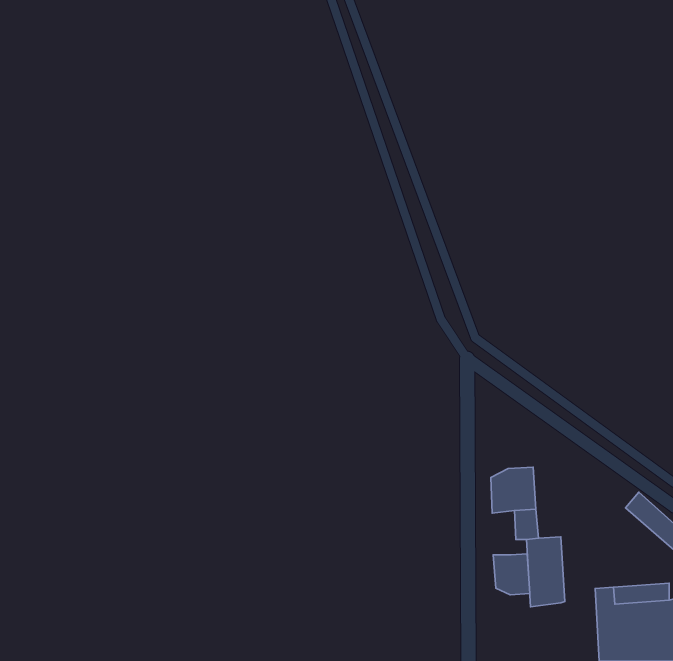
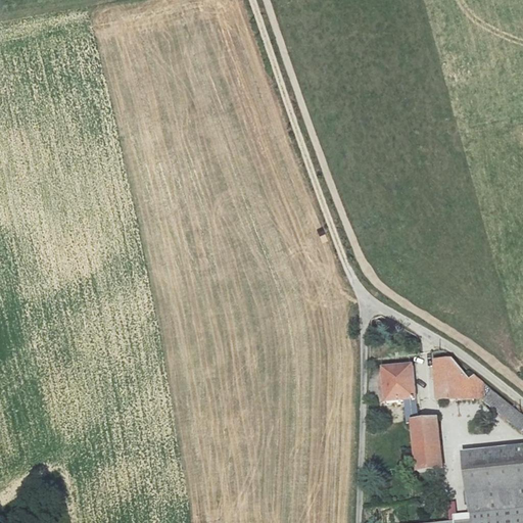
building: none -> [432,359,475,401]
building: [493,554,530,595] -> none

